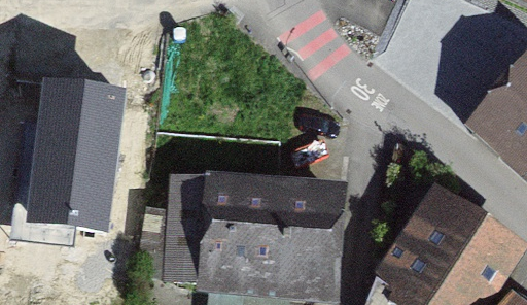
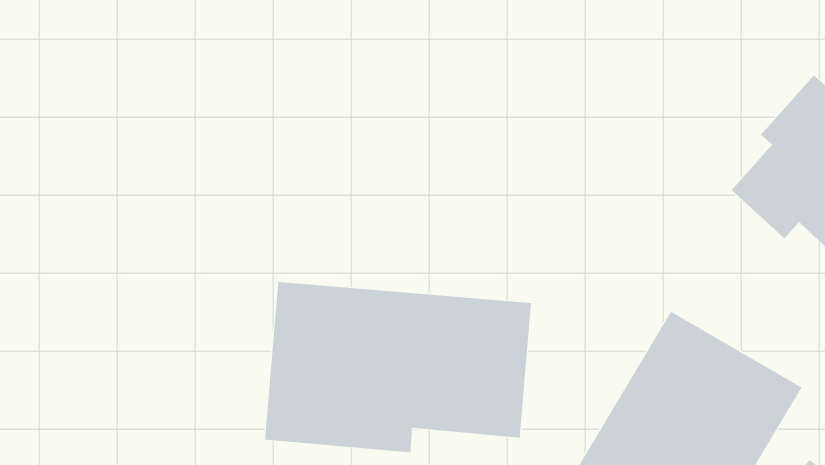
building: [32,77,122,218] -> none

